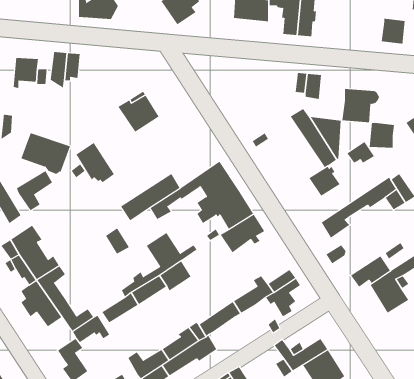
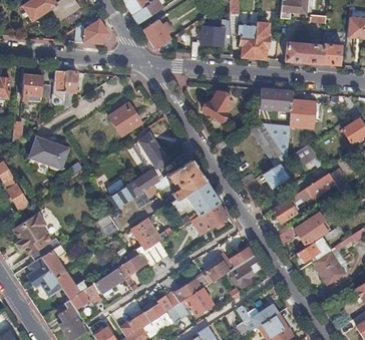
building: none -> [286,43,324,62]
building: none -> [204,90,233,120]
building: [369,122,395,148] -> [272,89,293,110]
building: [76,142,115,183] -> [134,134,166,167]
building: [16,170,53,211] -> none
building: none -> [294,212,331,245]
building: none -> [186,287,213,315]

